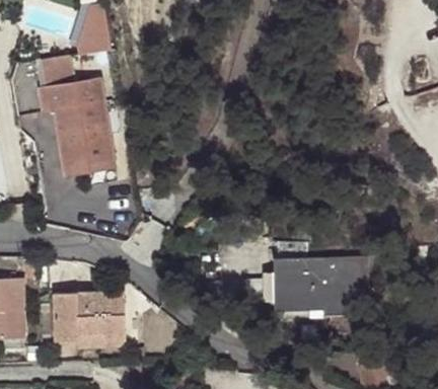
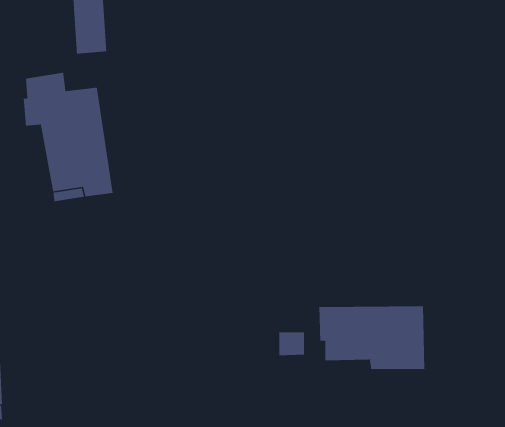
building: [273,258,323,311] -> none
building: [52,291,124,348] -> none

